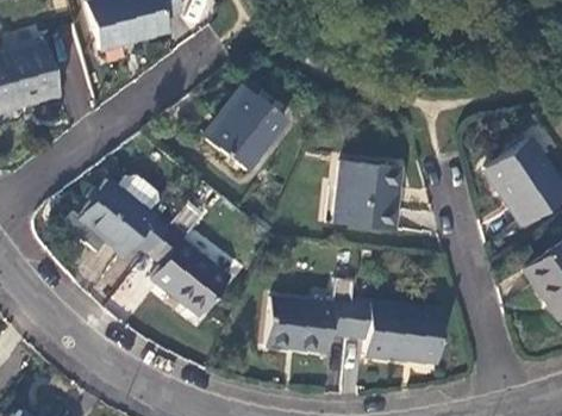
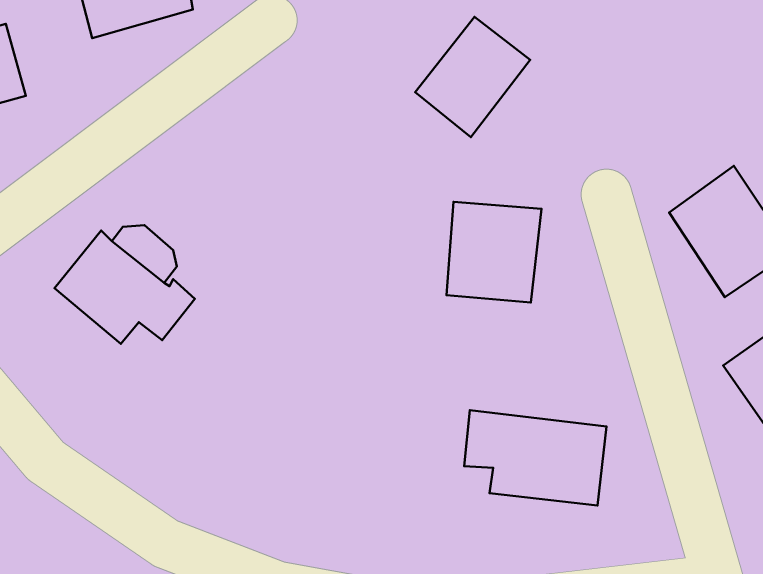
building: [211,91,287,170] -> [415,17,530,137]
building: [150,199,230,316] -> none
building: [269,297,354,350] -> none

